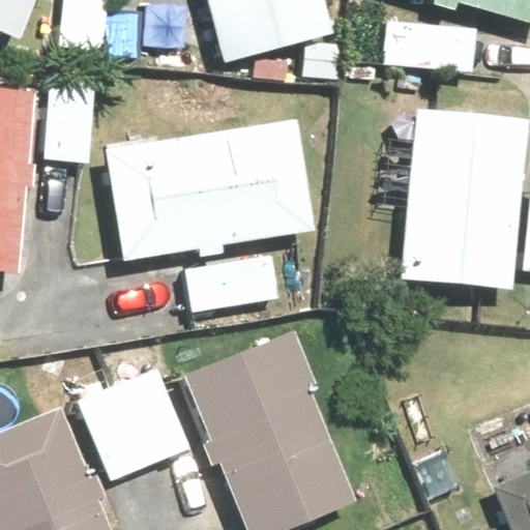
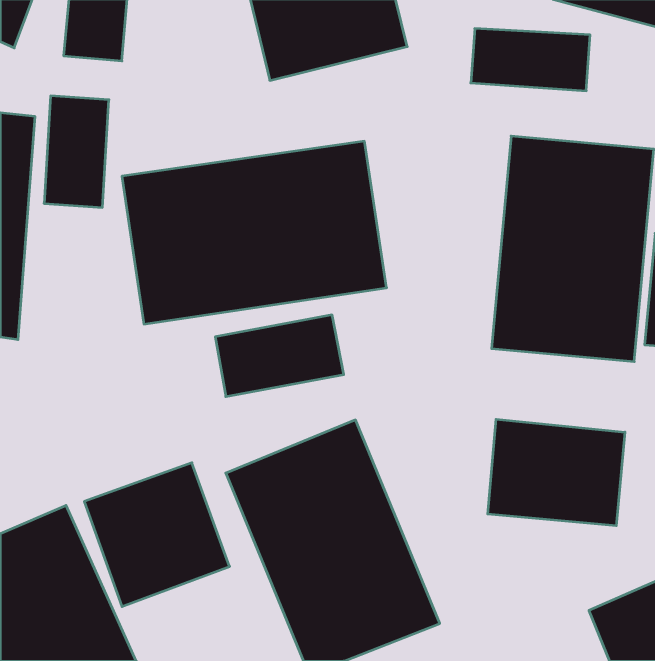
building: none -> [488,419,625,526]

